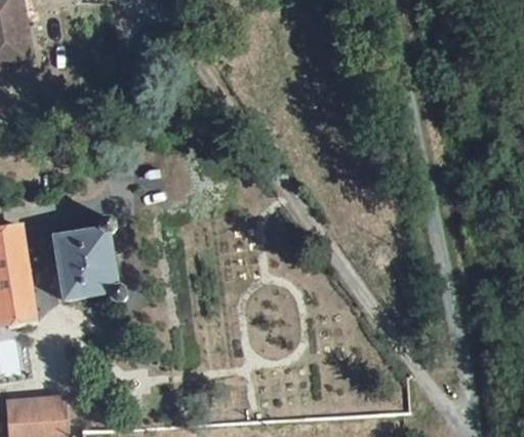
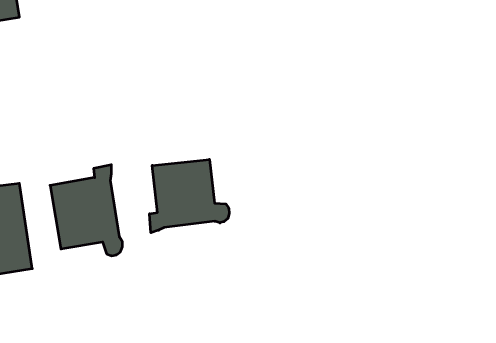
building: none -> [150,159,229,233]

